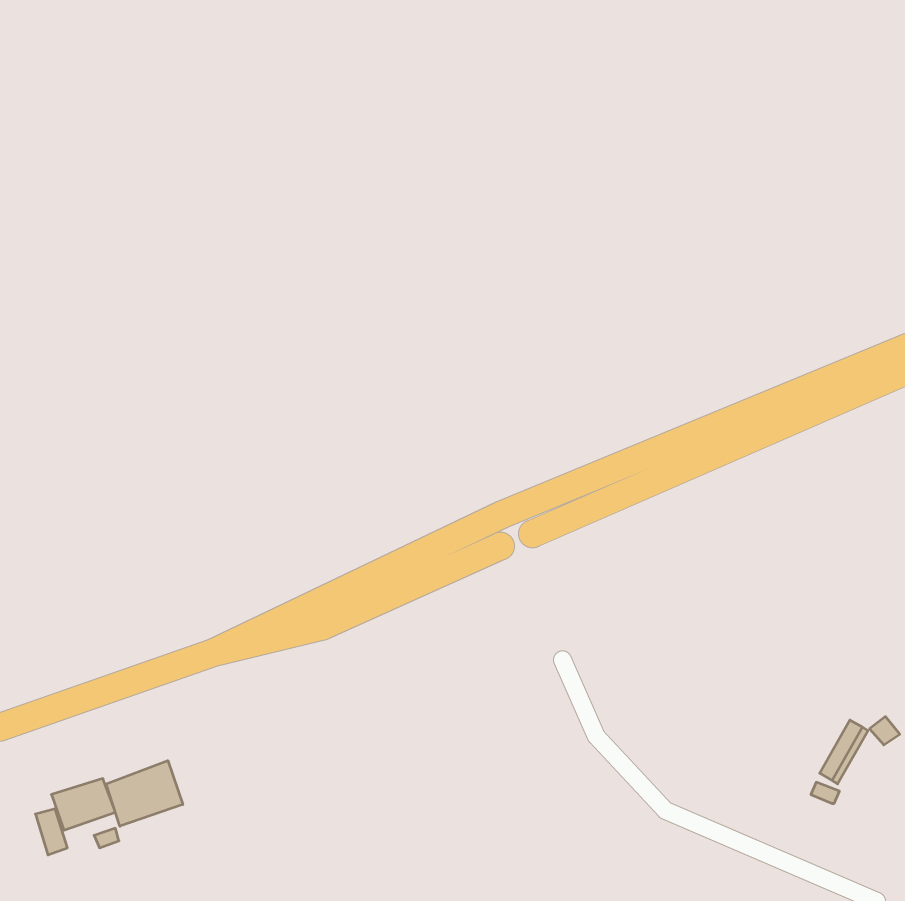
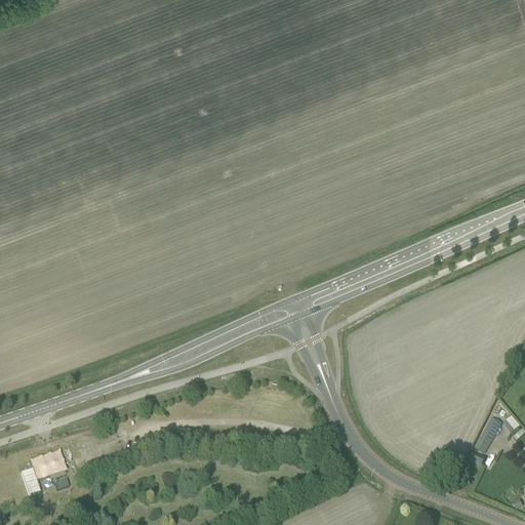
building: [106,761,183,826] -> none

